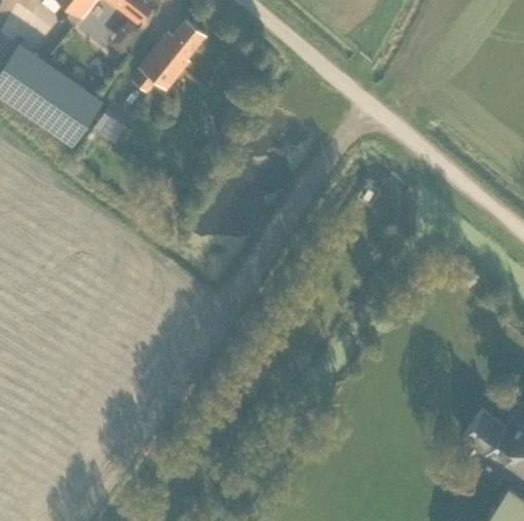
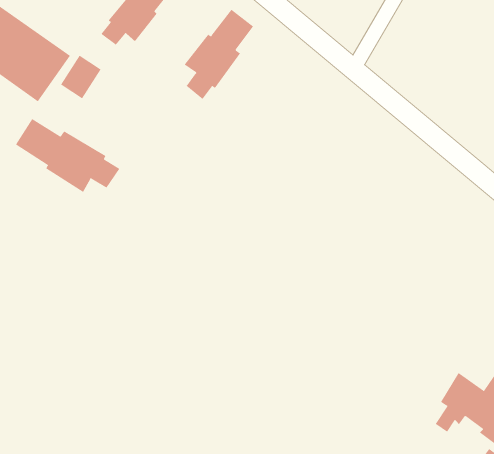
building: none -> [184,9,254,100]
building: none -> [15,118,120,193]

